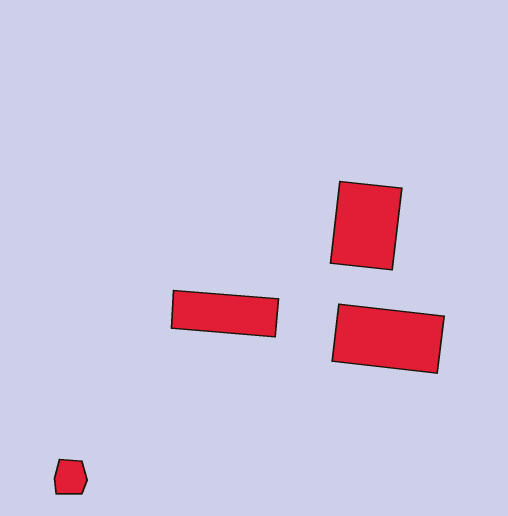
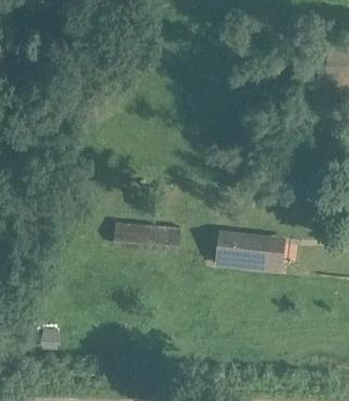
building: [330,182,402,270] -> none

